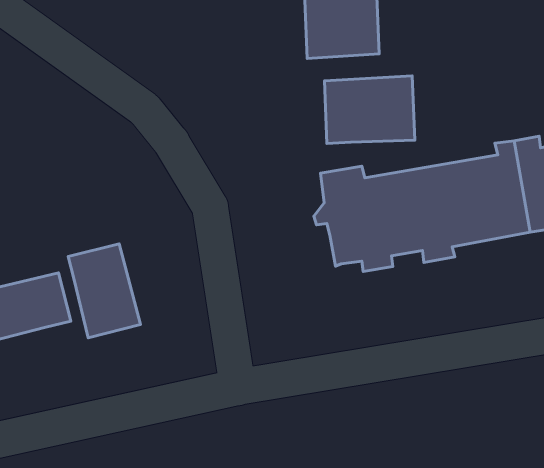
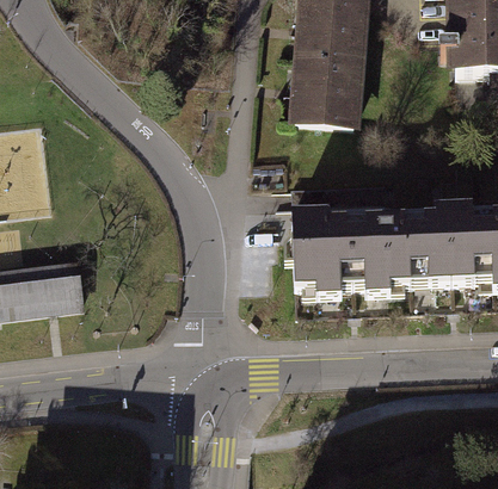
building: [324,76,415,144] -> none
building: [68,244,141,338] -> none

